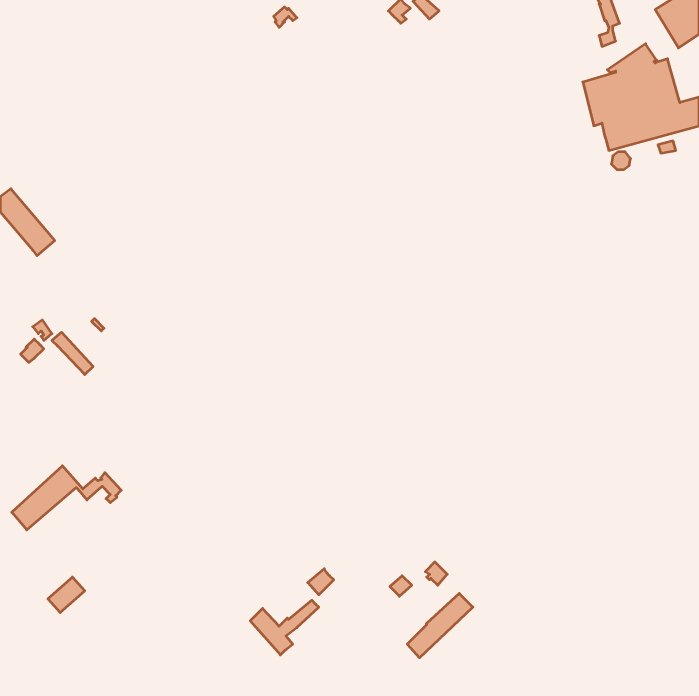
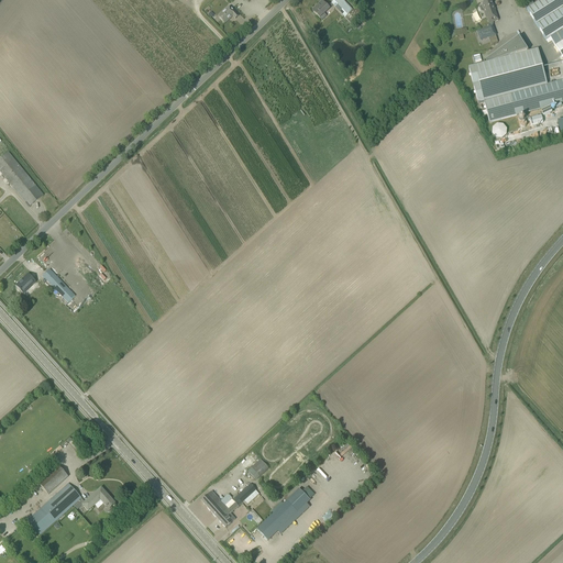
building: [12,466,121,530] -> [27,482,115,533]
building: [407,593,473,658] -> [257,487,310,539]

